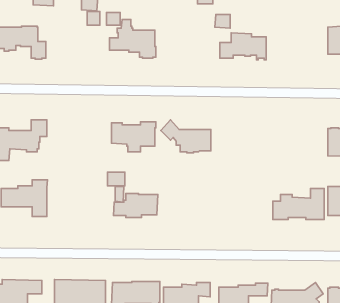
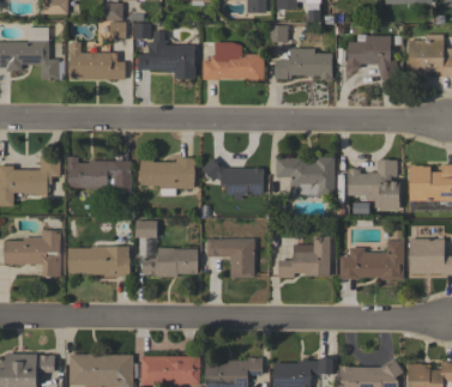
building: none -> [346,35,400,80]
building: none -> [71,42,125,79]
building: none -> [203,42,264,80]
building: none -> [68,156,132,193]
building: none -> [276,157,335,195]
building: none -> [348,158,399,210]
building: none -> [278,236,330,277]
building: none -> [206,238,254,277]
building: none -> [68,246,129,277]

